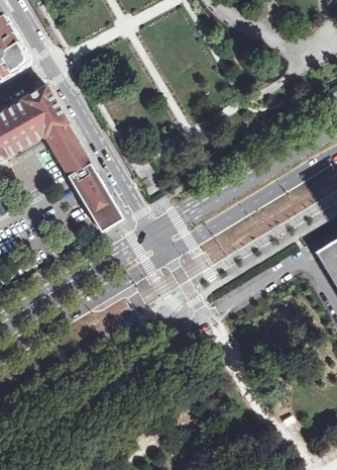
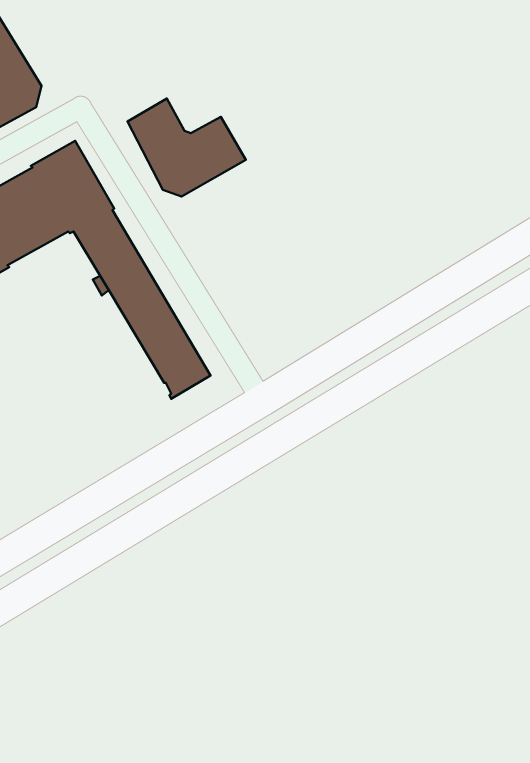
building: none -> [128,98,246,197]

